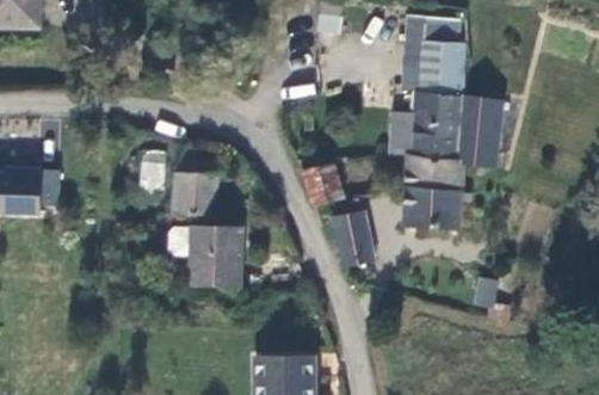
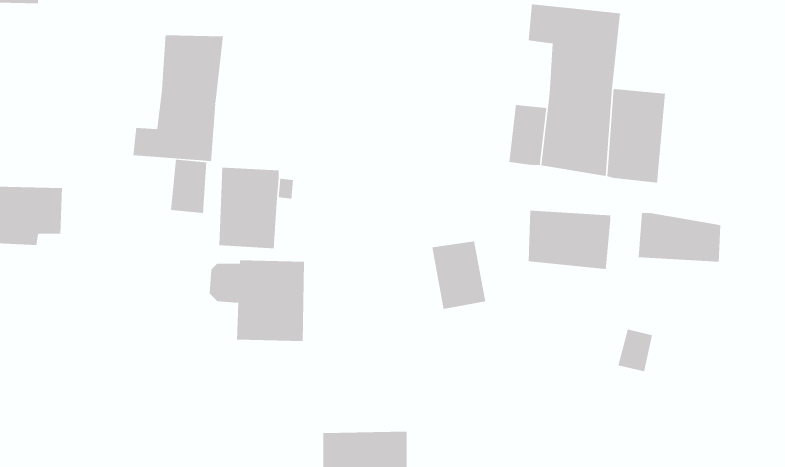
building: none -> [133,34,223,162]
building: [405,154,467,191] -> [638,213,721,262]
building: [301,160,341,208] -> none

